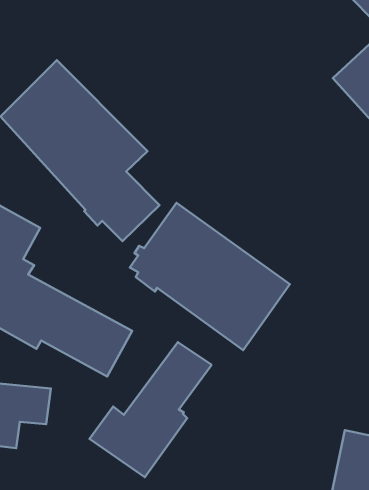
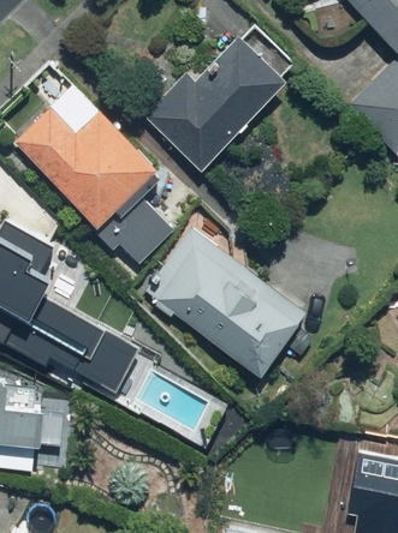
building: none -> [145,34,285,169]
building: [90,342,211,477] -> none

